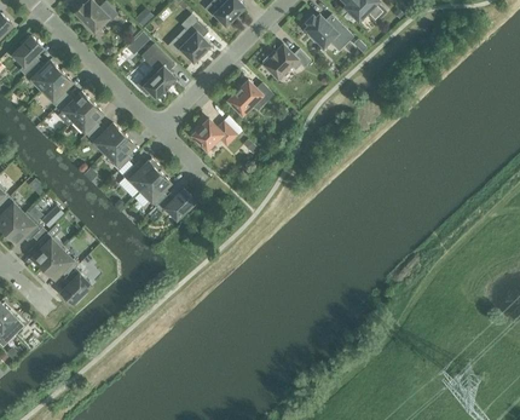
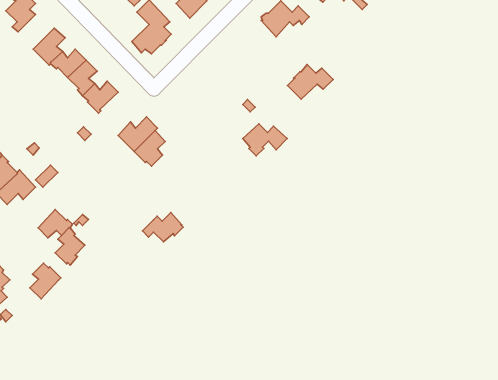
building: [24,61,59,92] -> none
building: [227,80,272,114] -> [287,65,333,99]
building: [192,120,236,151] -> [243,124,287,156]
building: [104,134,133,171] -> none
building: [155,189,195,218] -> [143,212,183,242]
building: [33,232,63,267] -> [30,263,61,299]

